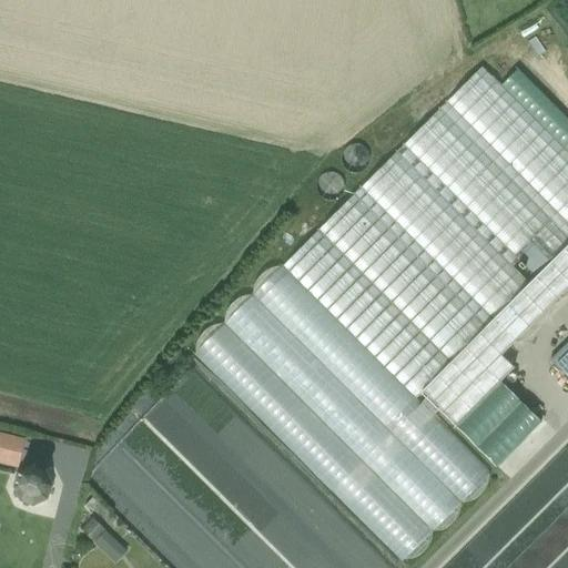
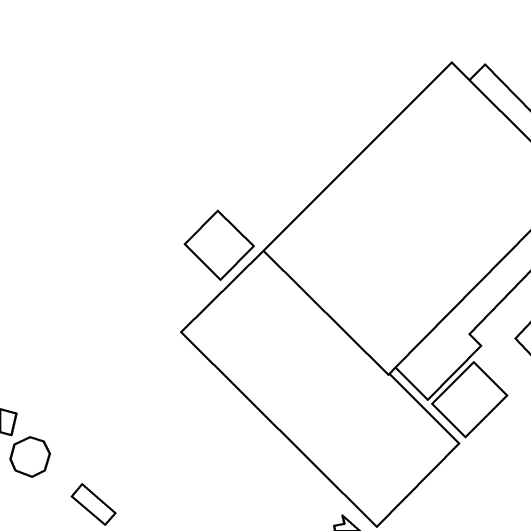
building: none -> [185,211,254,280]

